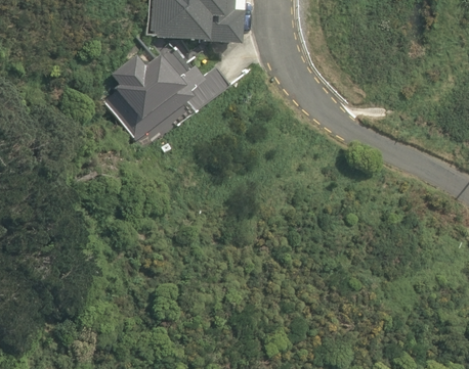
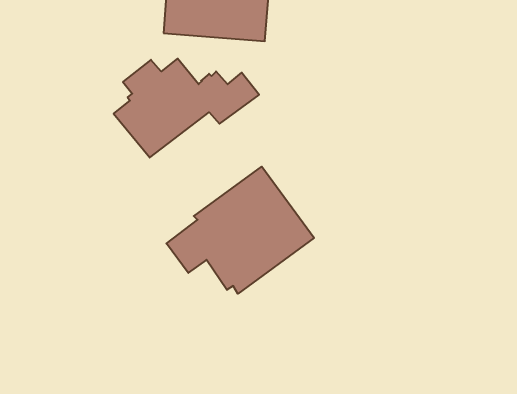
building: none -> [166,167,314,294]

